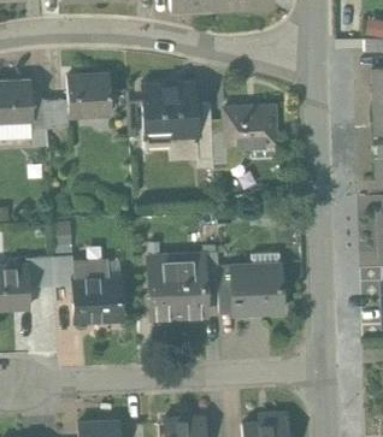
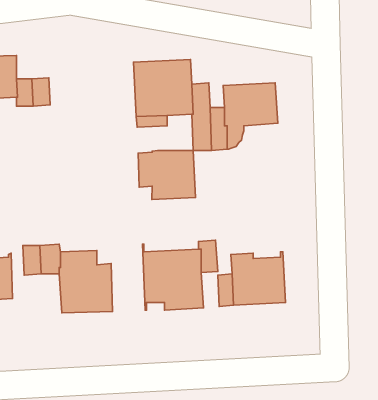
building: [67,76,111,117] -> none
building: none -> [138,150,195,199]

